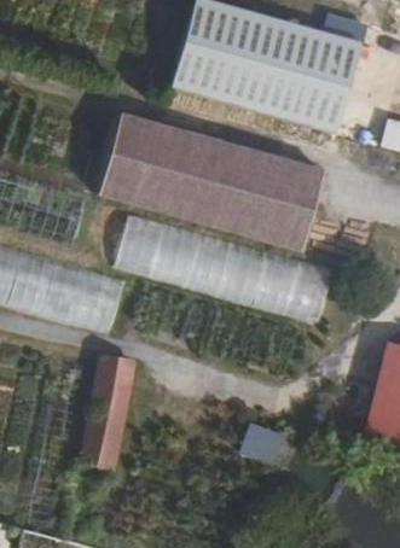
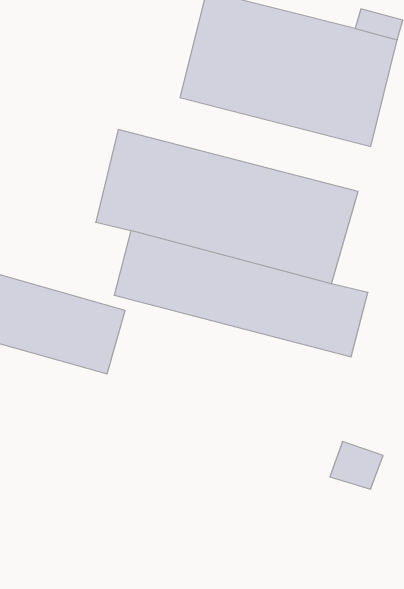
building: [86,345,138,460] -> none
building: [236,419,282,460] -> [330,442,383,489]

